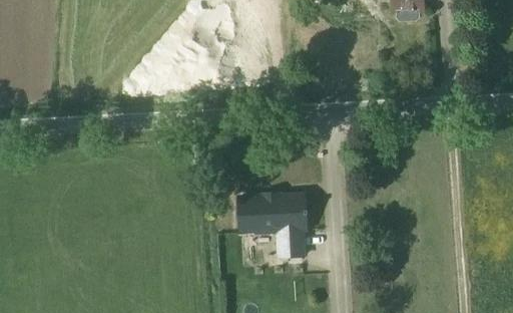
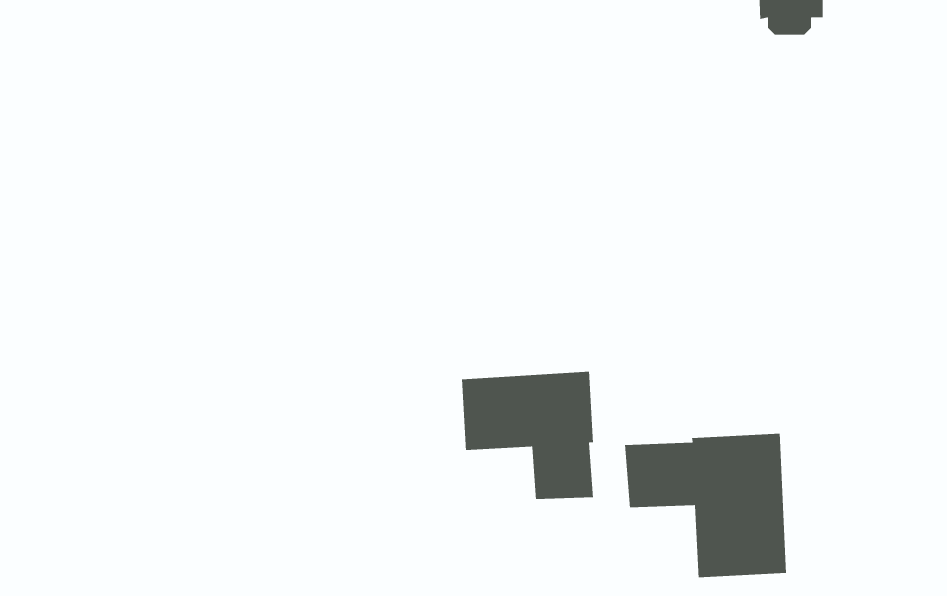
building: none -> [624,433,787,578]

